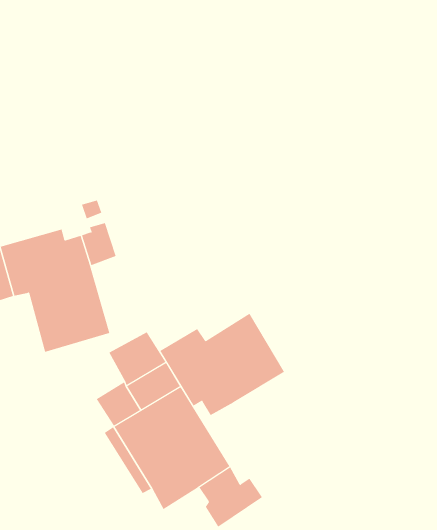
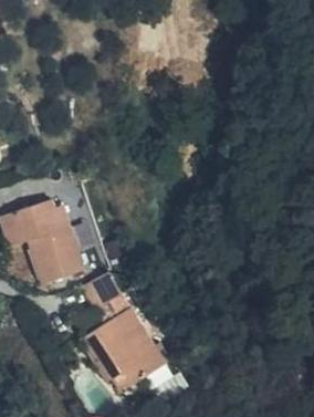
building: [160,313,285,416] -> none

